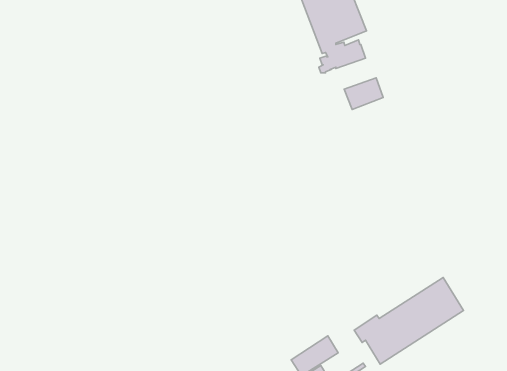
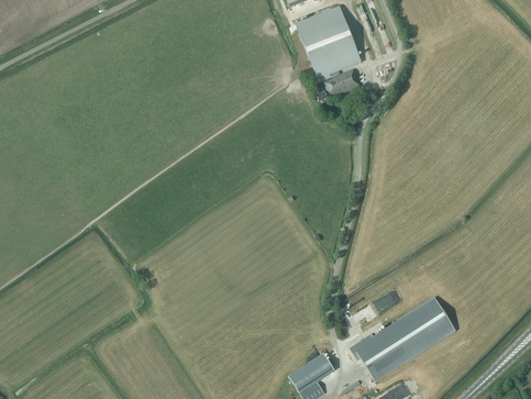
building: [344,78,383,110] -> none

